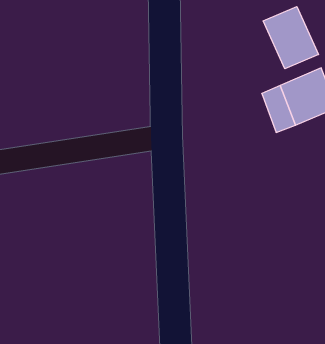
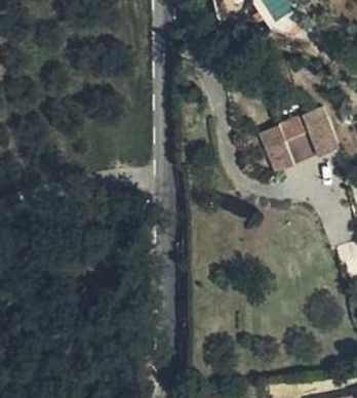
building: [263,7,318,69] -> none

